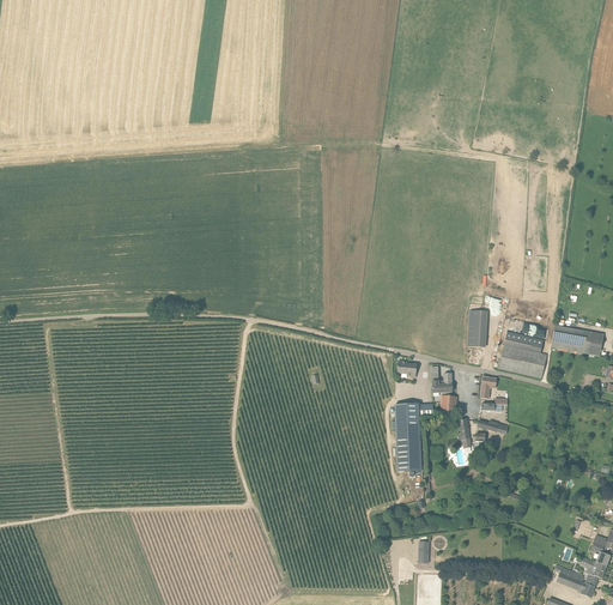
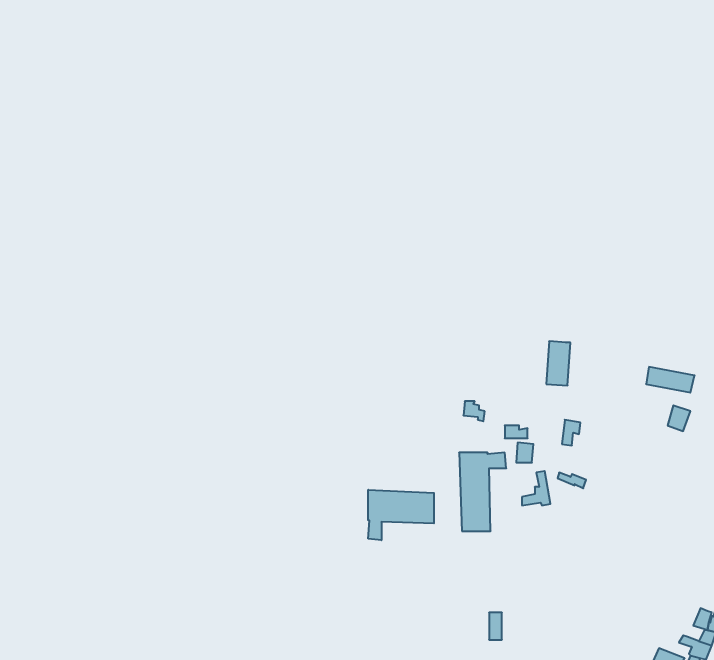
building: [498,332,546,377] -> none
building: none -> [368,490,434,540]

